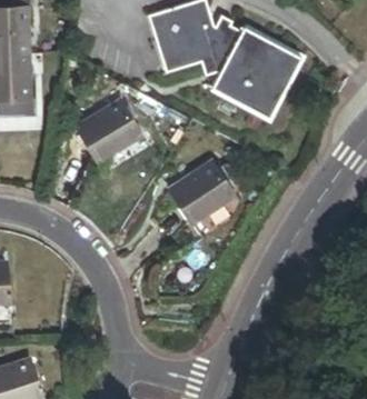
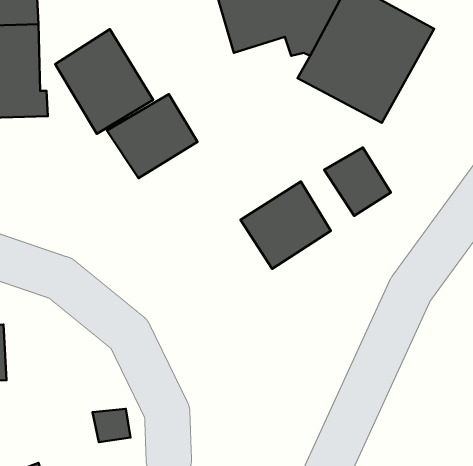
building: none -> [55,29,153,134]
building: none -> [324,147,391,216]

